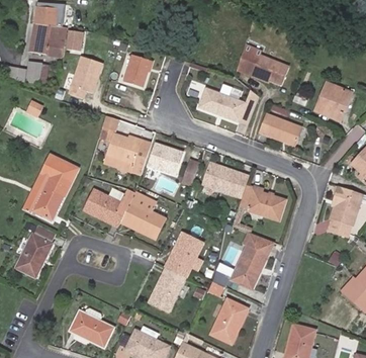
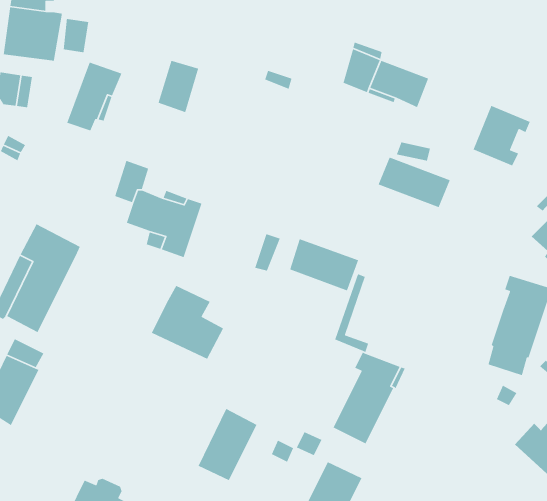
building: [200,89,258,125] -> none
building: [150,142,187,175] -> none
building: [247,186,285,219] -> none
building: [84,187,135,227] -> none
building: [166,233,202,277] -> none

